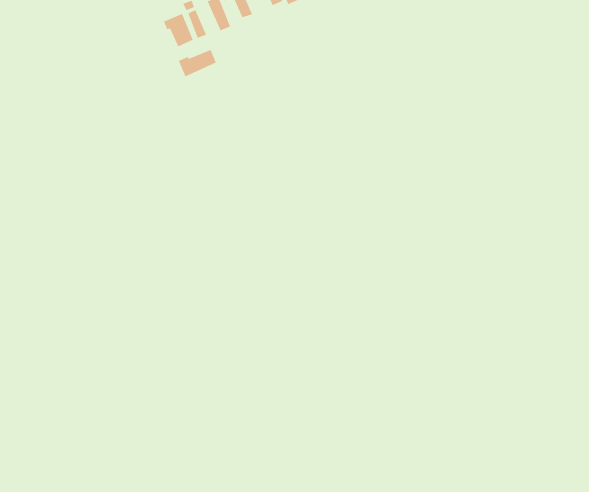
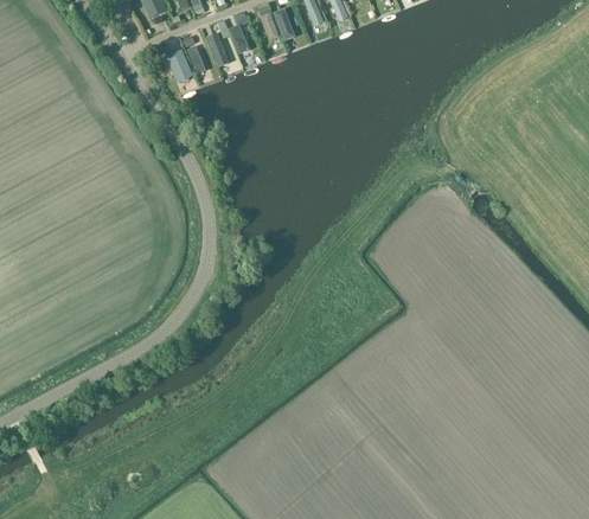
building: [178,49,216,77] -> none

